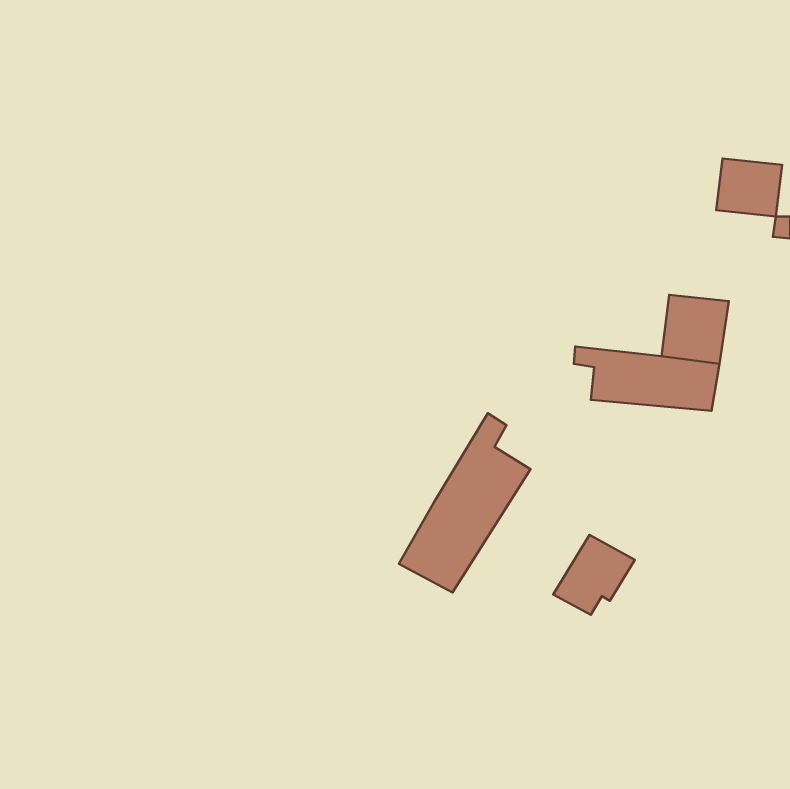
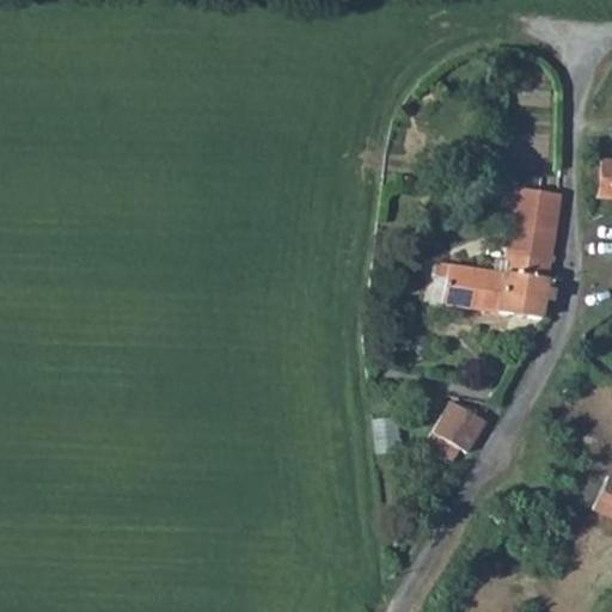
building: [716,158,782,216] -> [510,185,561,230]
building: [399,413,530,593] -> none

